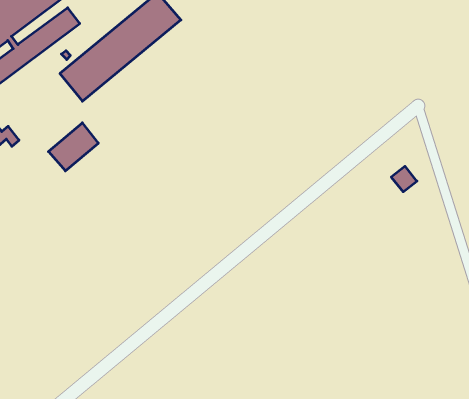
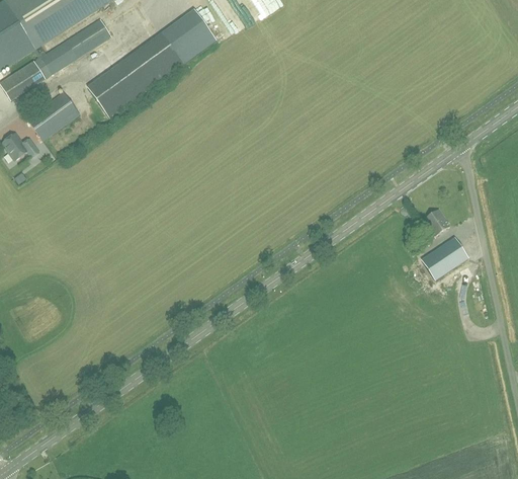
building: [48,123,98,171] -> [26,90,79,139]
building: none -> [421,237,467,278]

